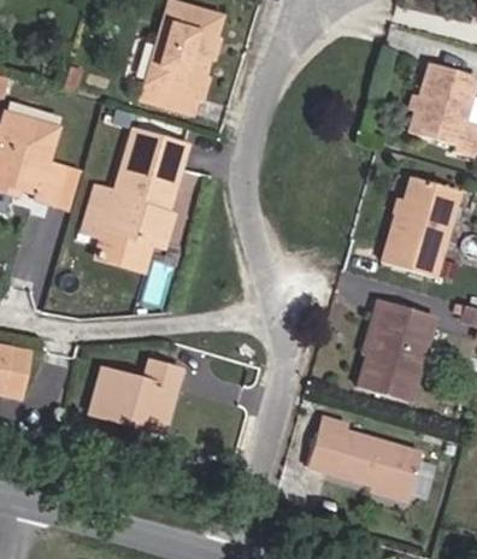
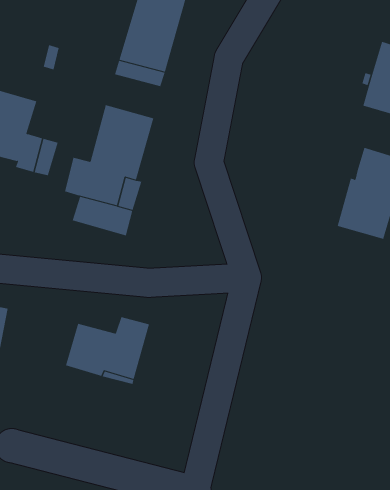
building: [355,301,432,402] -> none
building: [305,419,418,495] -> none

